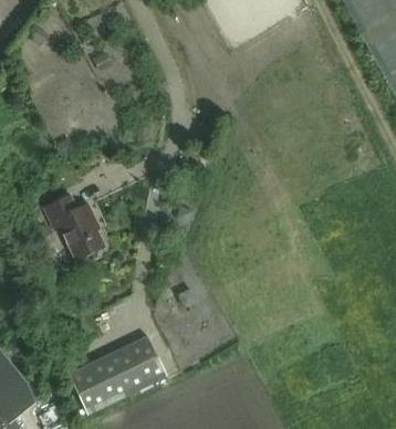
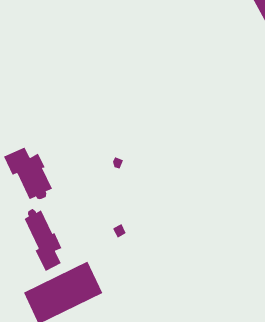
building: none -> [24,208,62,272]

